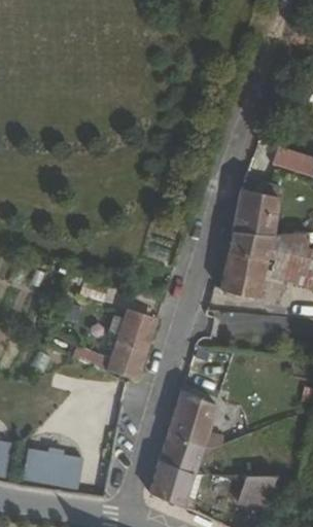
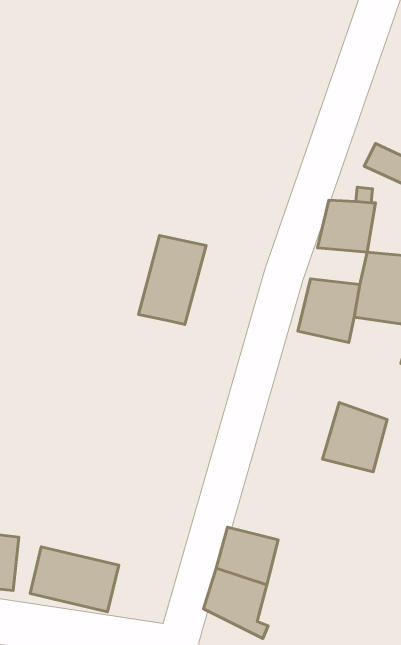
building: [231,227,272,254] -> none
building: [103,315,152,380] -> [138,236,206,324]
building: [170,390,217,441] -> [322,403,387,472]
building: [229,473,270,508] -> none

